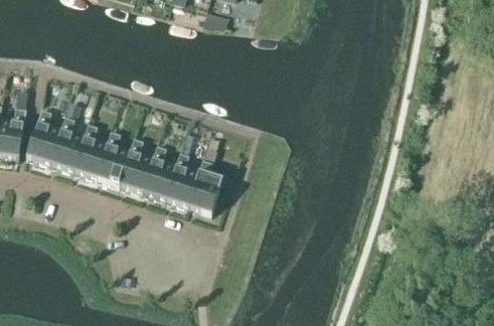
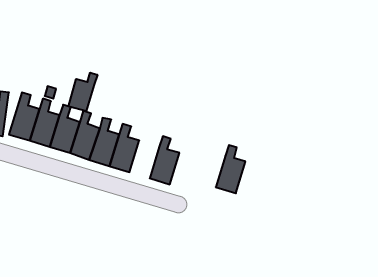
building: none -> [68,73,97,111]
building: [164,152,198,207] -> [216,145,245,193]

